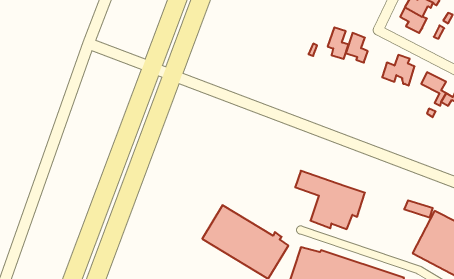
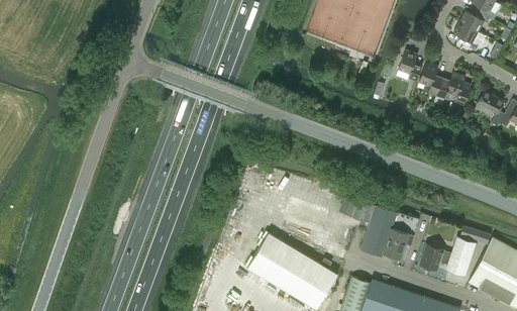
building: [328,27,349,59] -> [420,64,442,97]
building: none -> [420,237,477,277]

